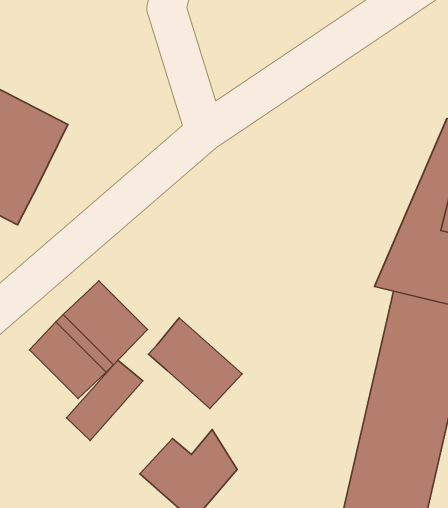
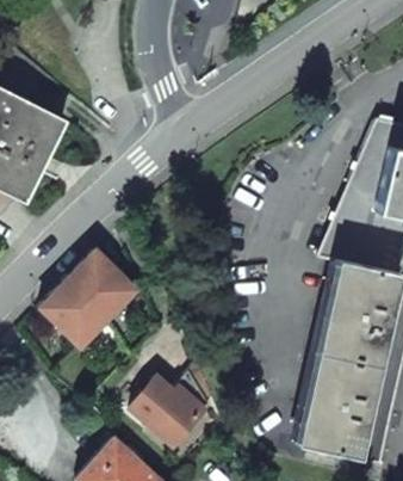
building: [149,318,242,408] -> none
building: [66,360,143,440] -> none

